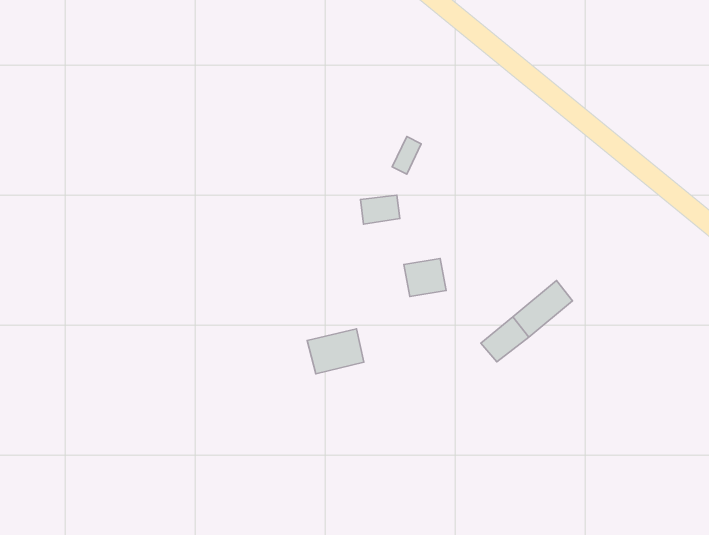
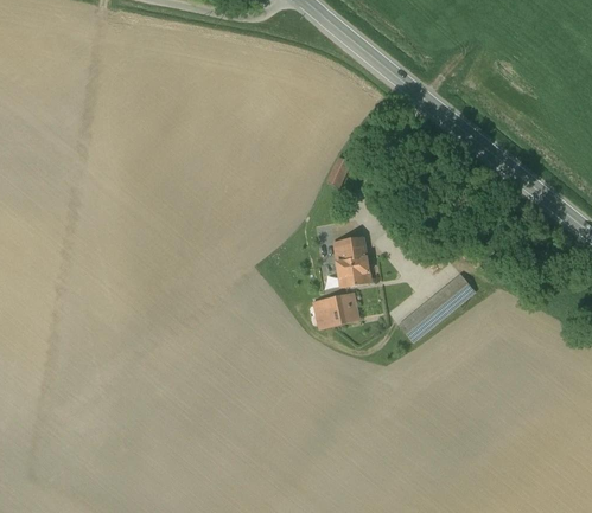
building: [360,195,400,224] -> [335,237,367,261]
building: [307,329,364,374] -> [313,291,359,328]

